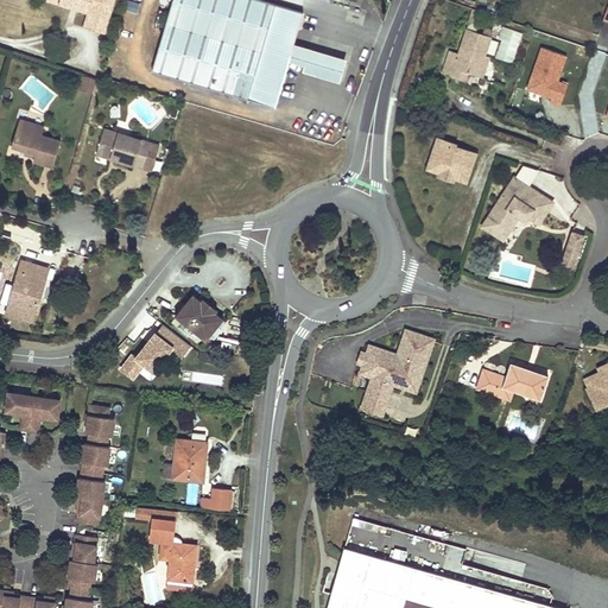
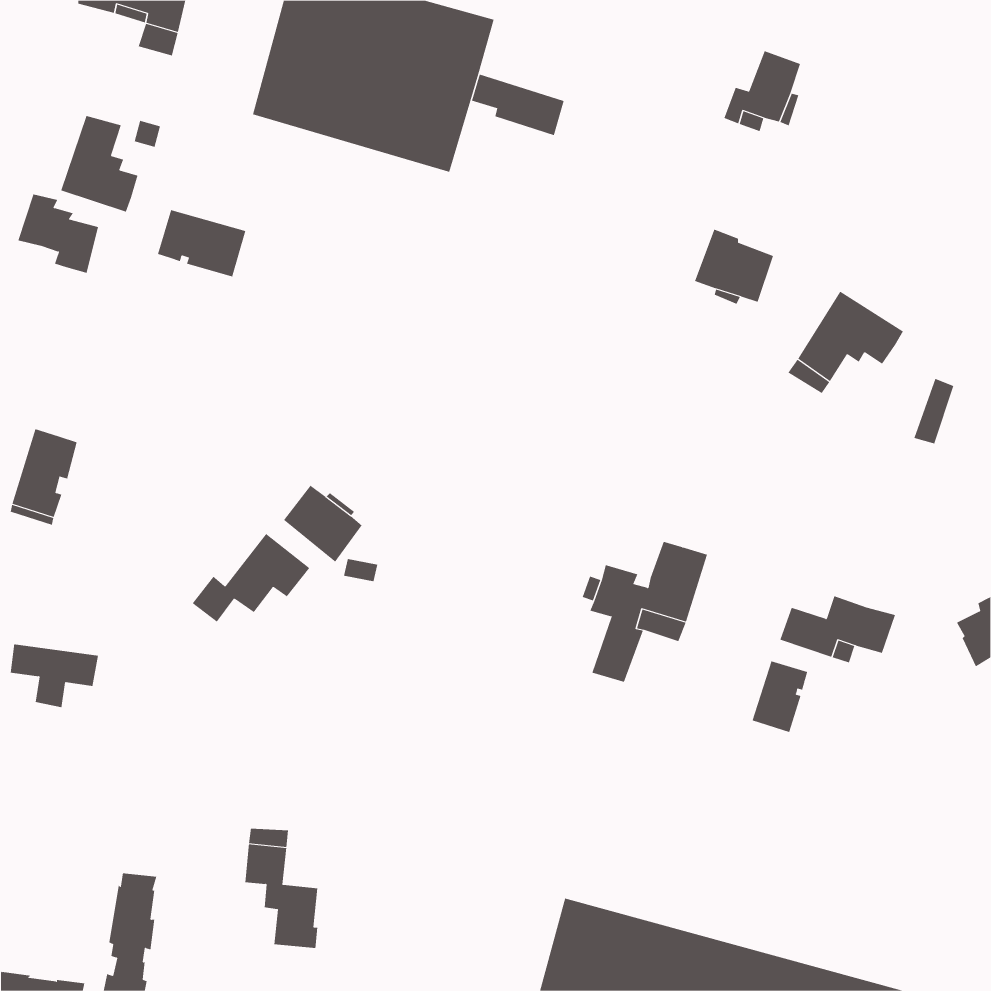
building: [494,27,521,64] -> none
building: [526,49,566,102] -> none
building: none -> [61,115,138,213]
building: none -> [752,661,808,733]
building: [76,406,113,526] -> none
building: [163,439,207,480] -> none
building: [201,487,232,511] -> none

